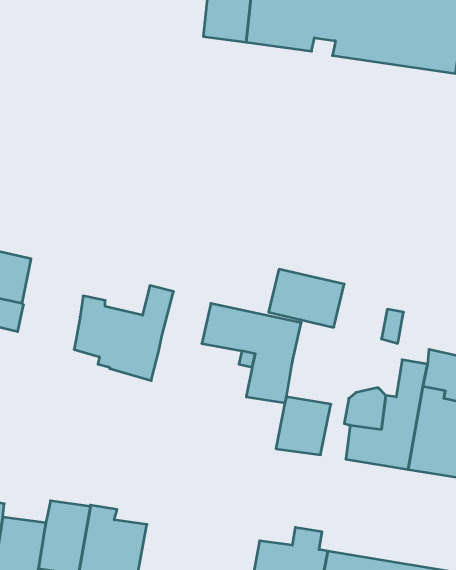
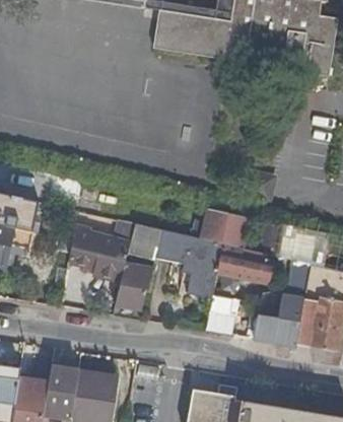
building: none -> [128,223,161,259]
building: none -> [217,242,273,283]
building: none -> [116,264,151,309]

